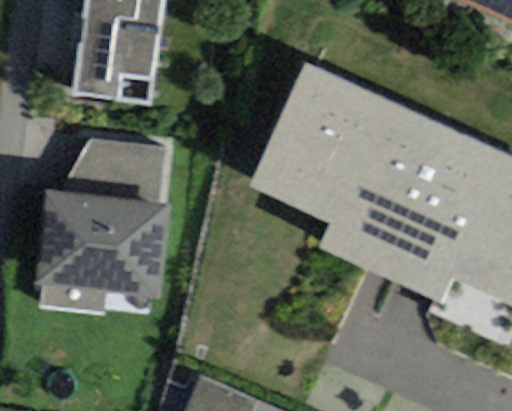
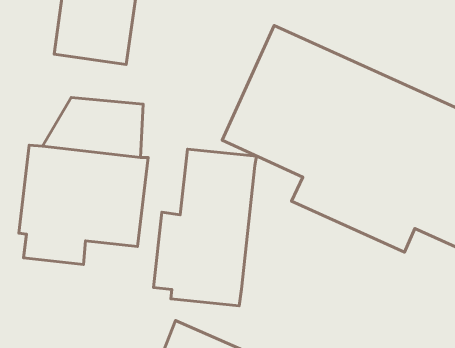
building: none -> [153,149,256,306]

